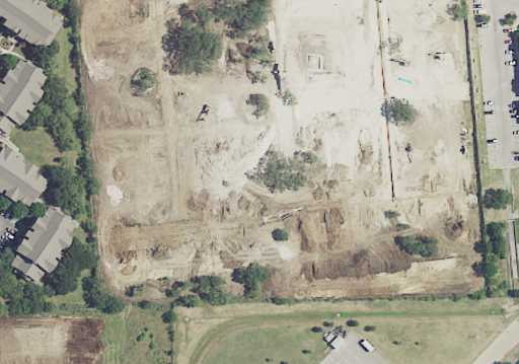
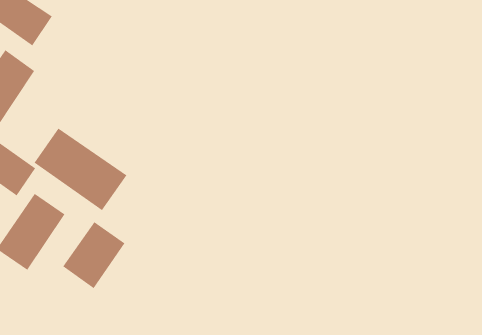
building: none -> [34,127,128,211]
building: none -> [62,221,126,289]

